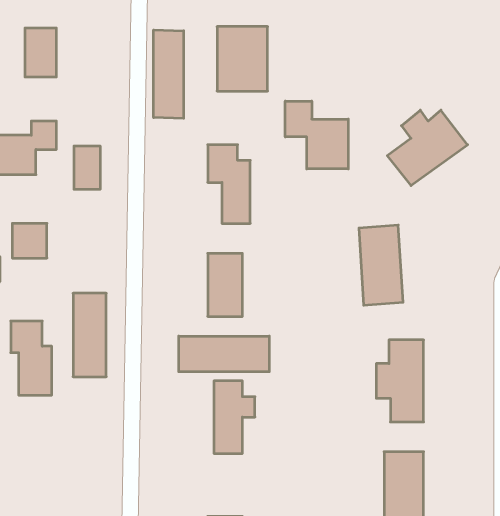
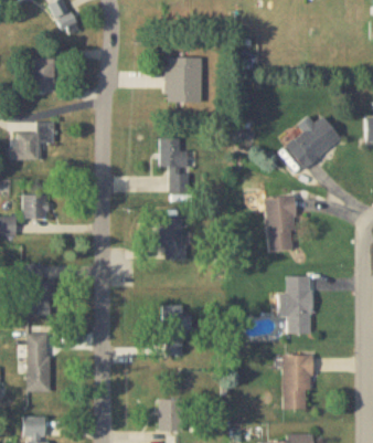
building: [154,30,184,118] -> none
building: [285,101,348,169] -> none
building: [74,146,100,189] -> none
building: [73,293,106,377] -> [28,334,51,392]
building: [179,336,269,372] -> none

